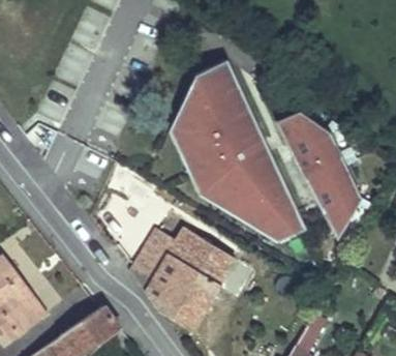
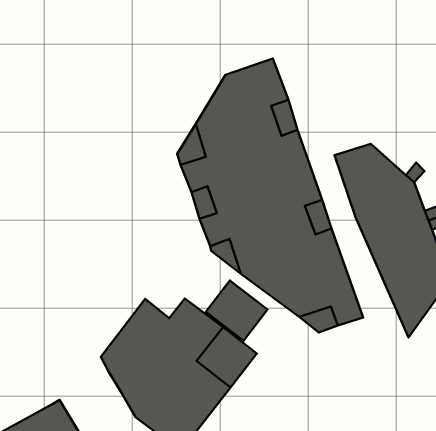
building: none -> [206,281,268,341]

